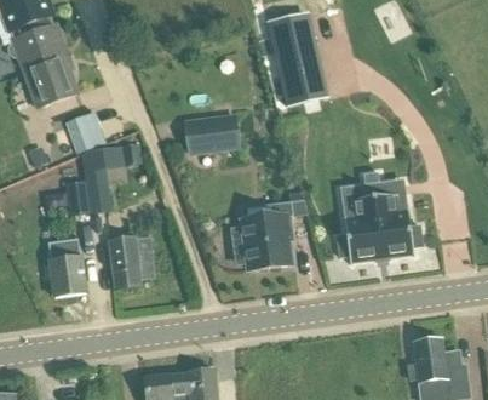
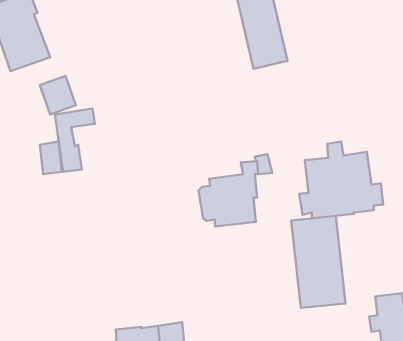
building: [188,118,240,155] -> none
building: [108,236,156,288] -> none
building: [48,239,86,297] -> none
building: none -> [291,216,346,308]

